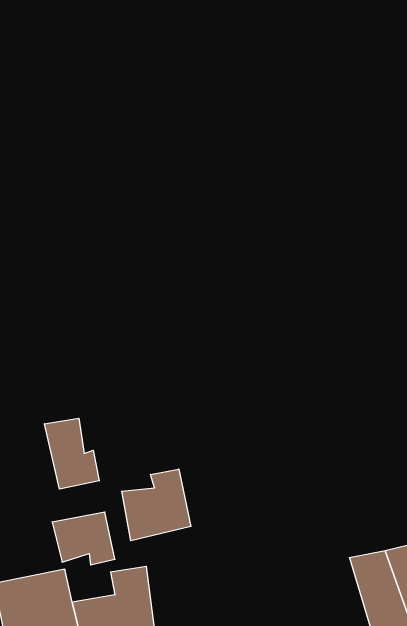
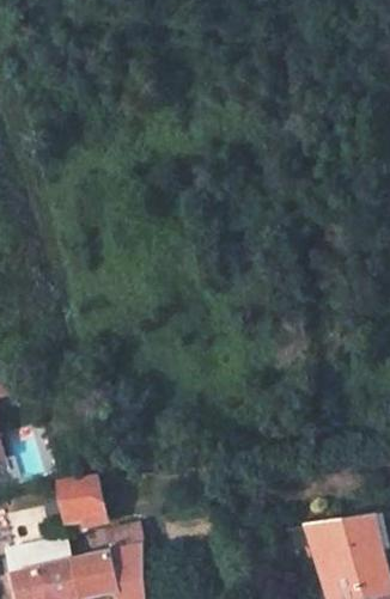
building: [45,418,99,489] -> none
building: [122,469,191,541] -> none

